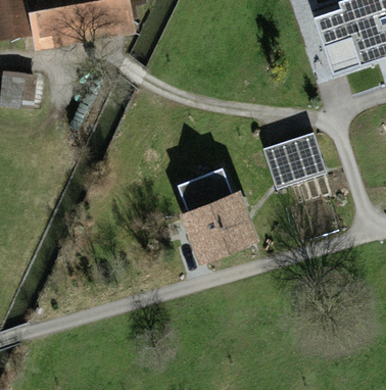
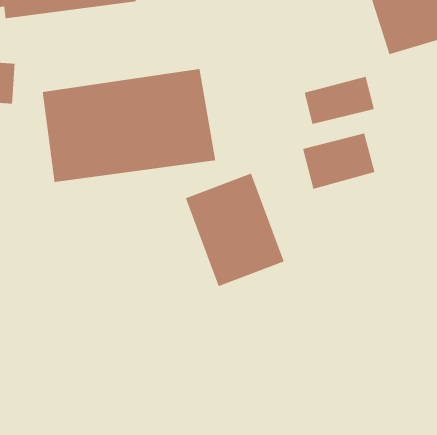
building: none -> [42,68,216,183]
building: none -> [304,76,375,125]

